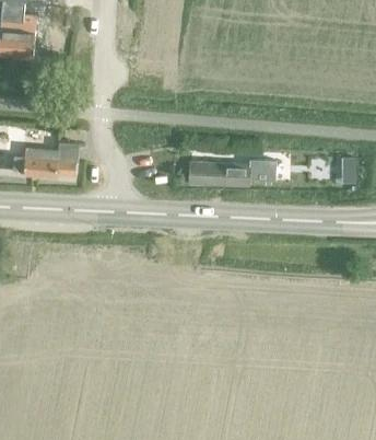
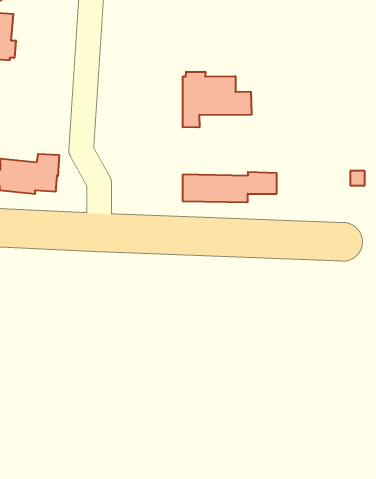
building: none -> [183,72,252,127]

